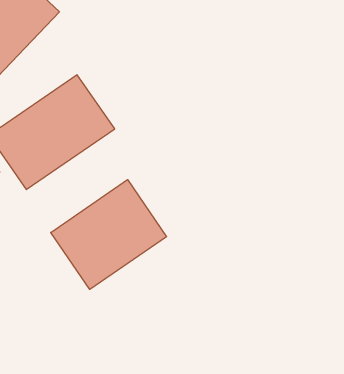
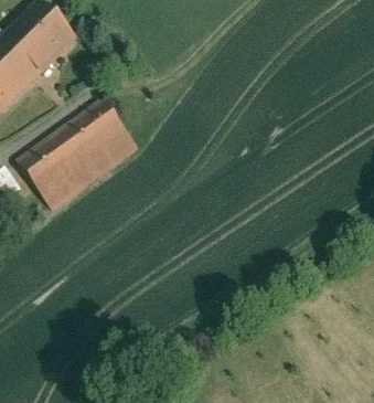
building: [51,180,167,289] -> none

